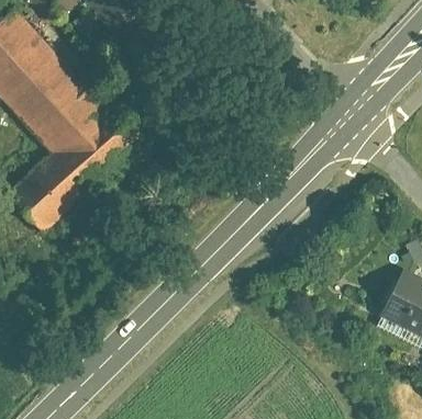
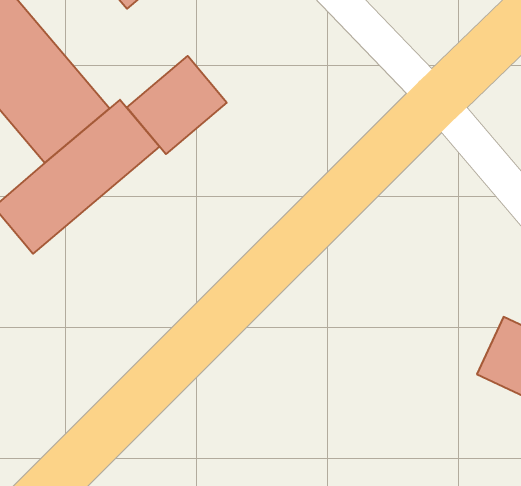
building: none -> [127,56,227,154]

